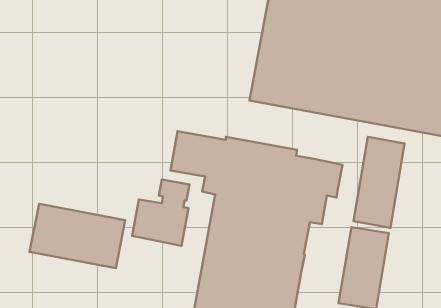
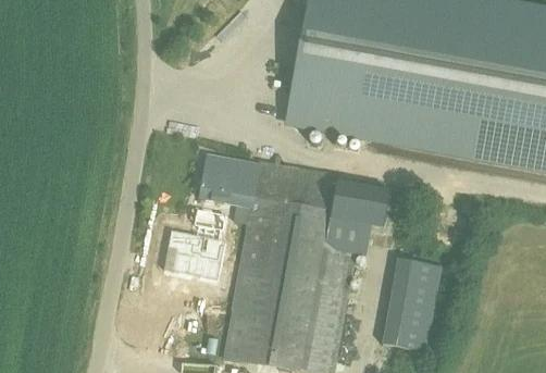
building: [353,137,405,228] -> none
building: [30,204,125,268] -> none

